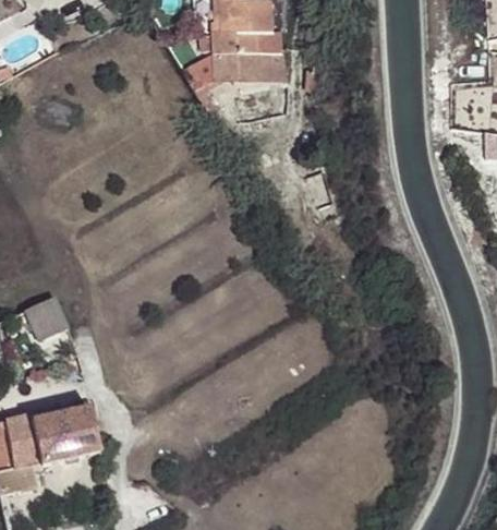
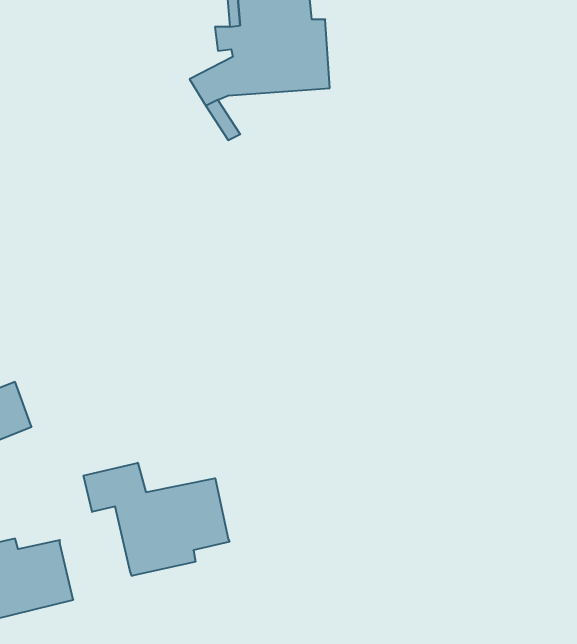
building: none -> [84,463,229,576]

